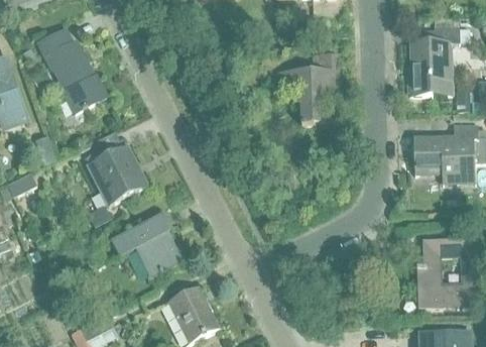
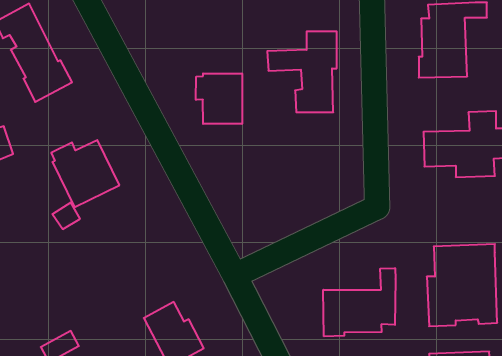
building: none -> [196,73,242,124]
building: [113,213,183,275] -> none
building: none -> [323,268,395,336]

